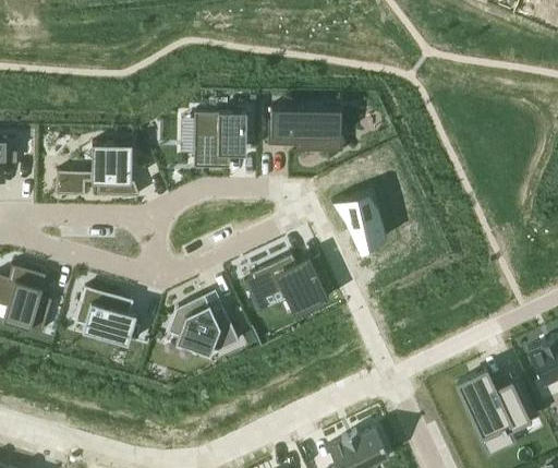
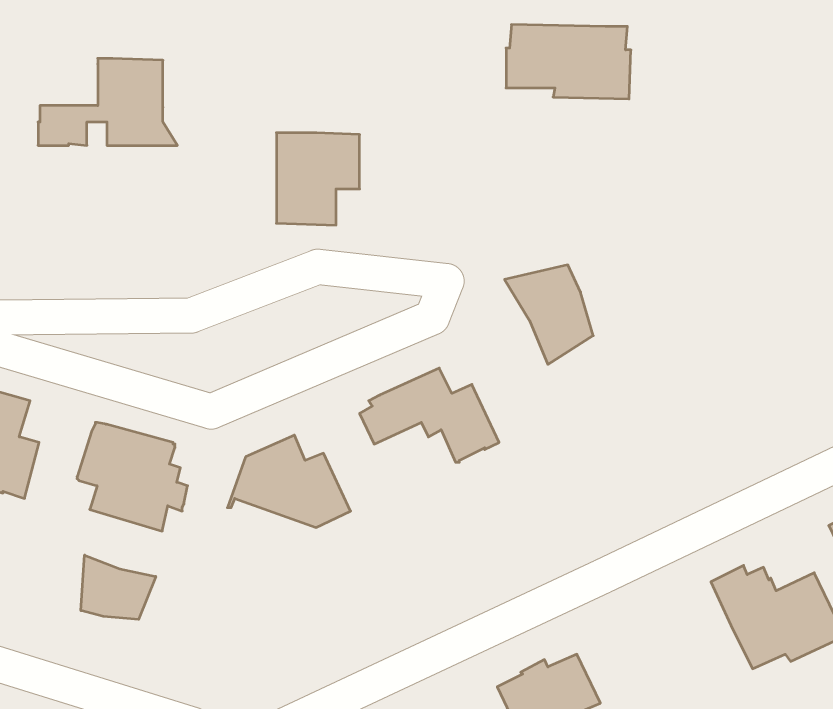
building: [268,105,343,149] -> [506,25,631,99]
building: [56,141,140,193] -> [38,58,177,145]
building: none -> [81,555,156,619]

